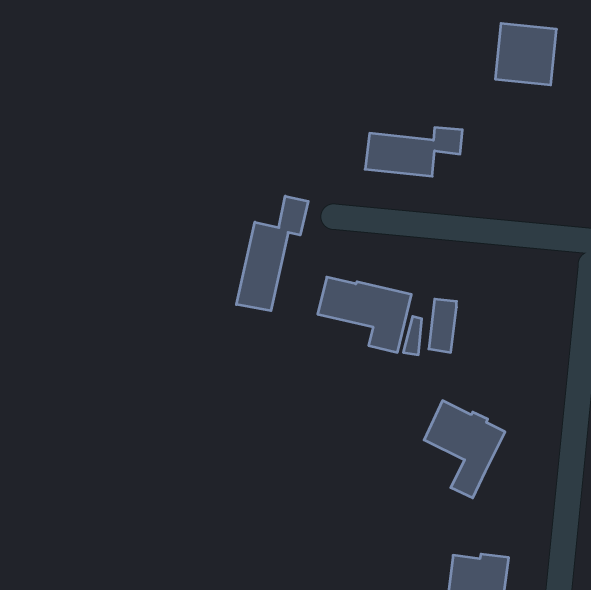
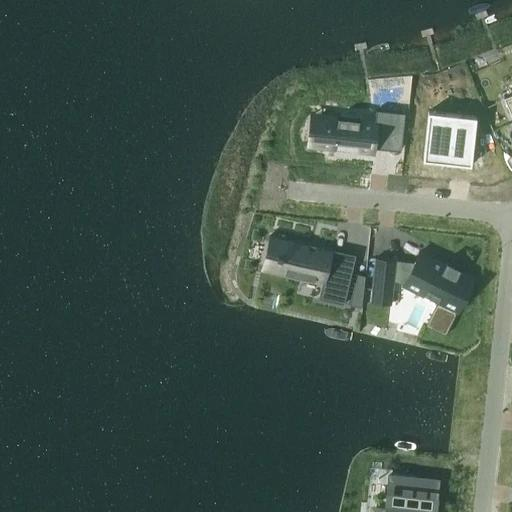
building: [495,23,557,85] -> [422,113,475,166]
building: [236,196,308,311] -> none
building: [424,401,505,498] -> [403,252,473,336]

